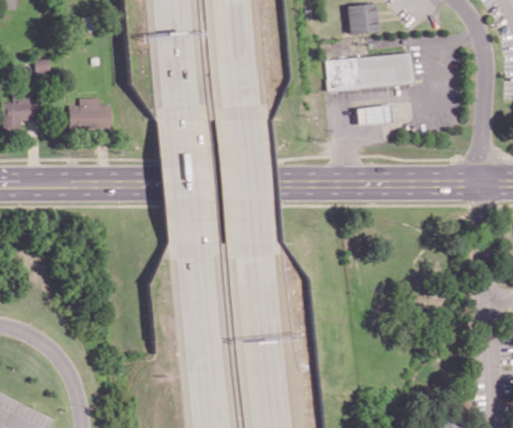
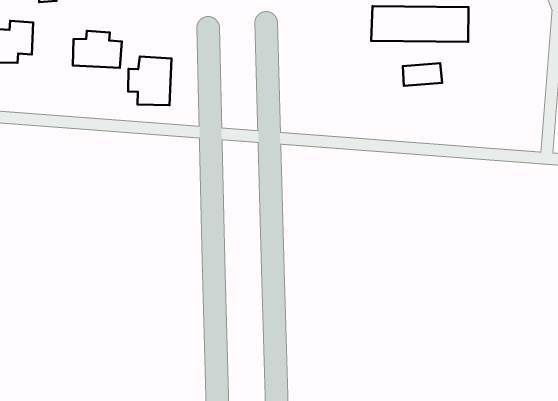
building: none -> [128,57,172,105]

